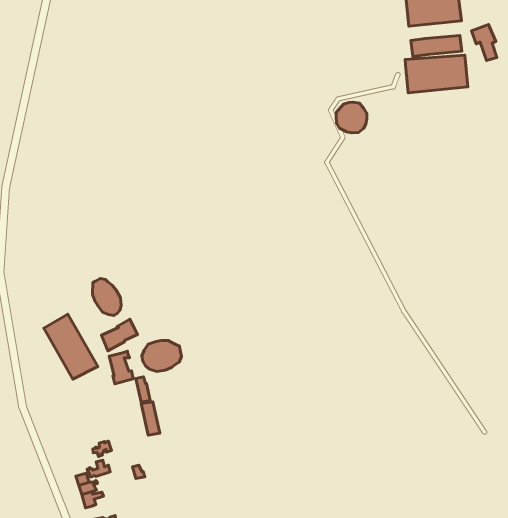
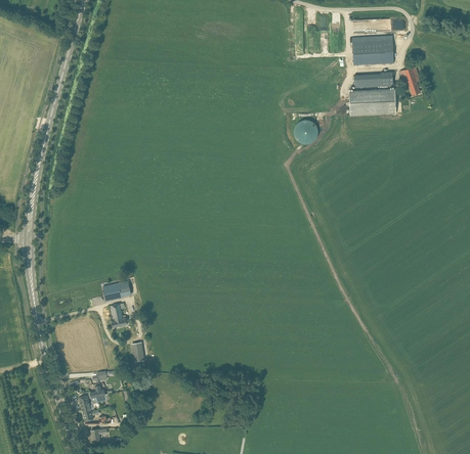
building: [92,279,121,315] -> none
building: [44,314,98,379] -> none
building: [142,341,181,372] -> none

